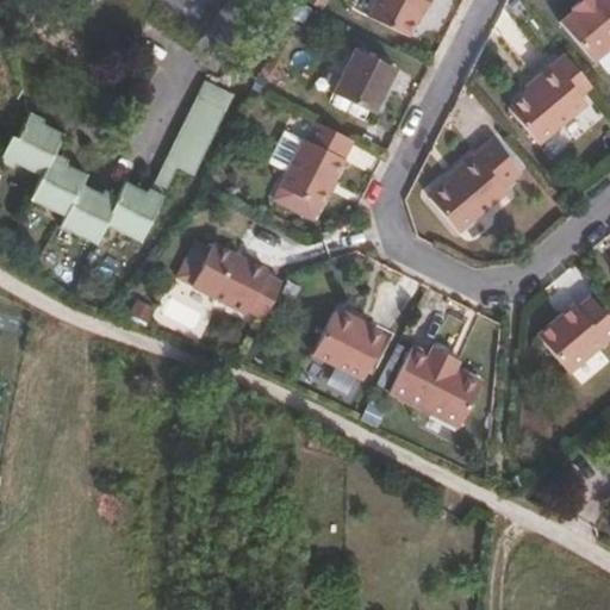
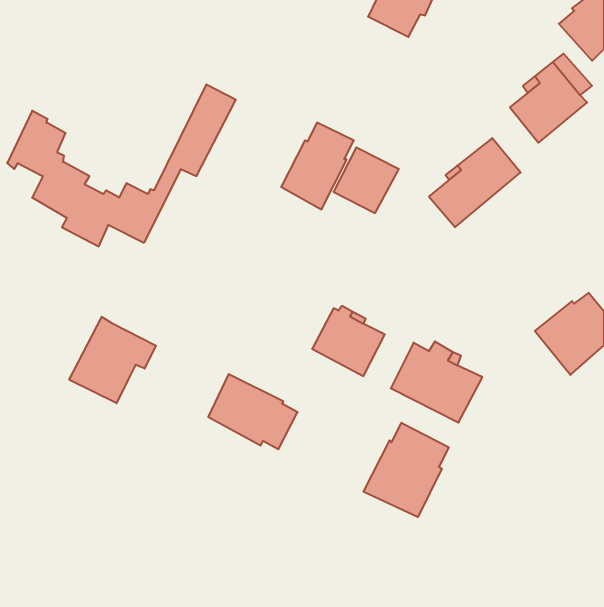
building: [331,50,397,116] -> [333,148,399,213]
building: [192,242,281,317] -> [208,374,298,449]
building: none -> [69,317,156,403]
building: none -> [363,423,449,517]

